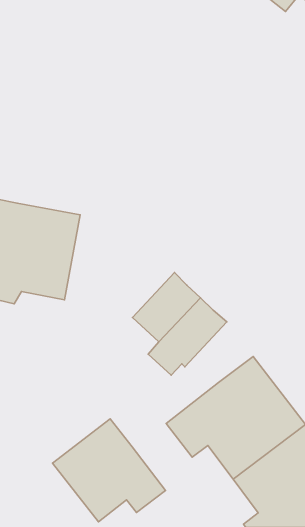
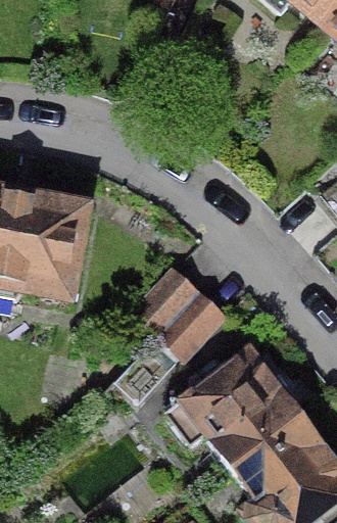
building: [52,419,165,522] -> none

